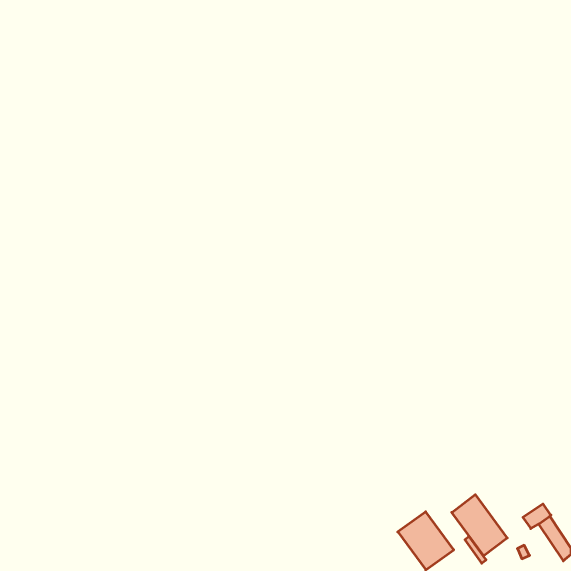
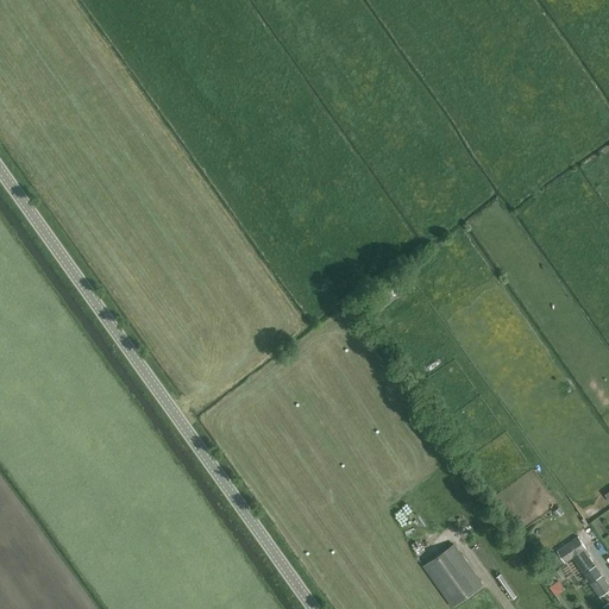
building: [452,495,507,556] -> none

